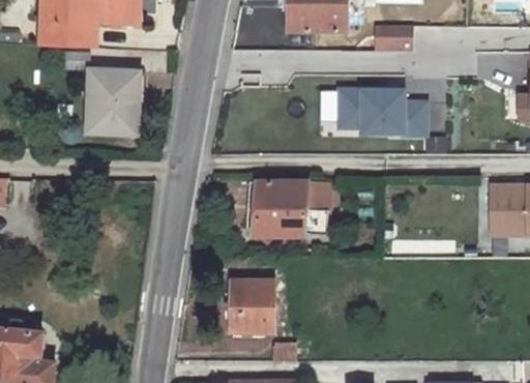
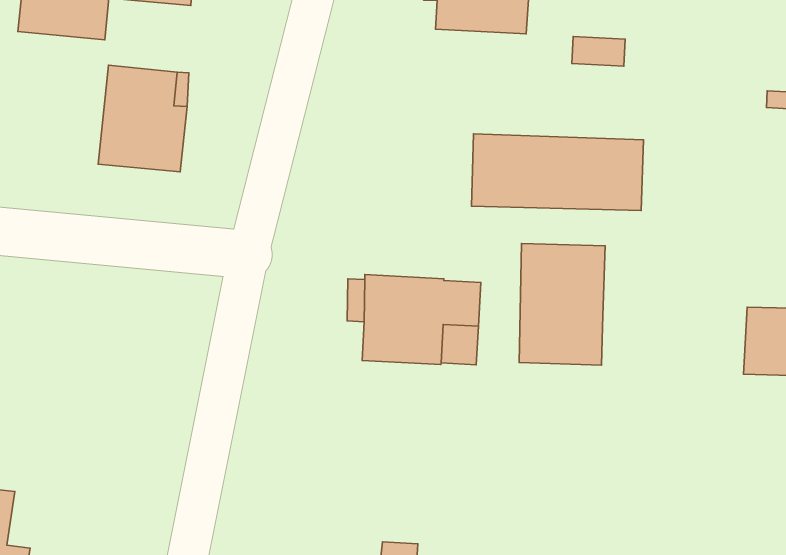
building: none -> [519,243,605,365]
building: [231,283,274,333] -> none

